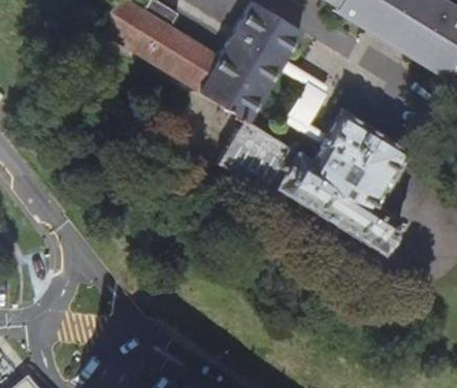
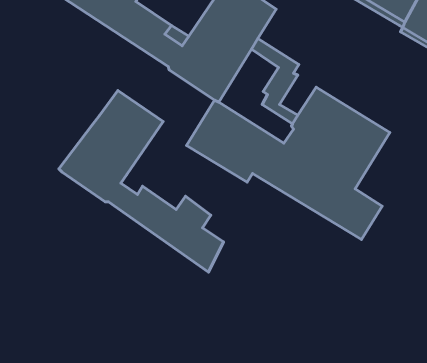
building: none -> [59,91,223,272]

